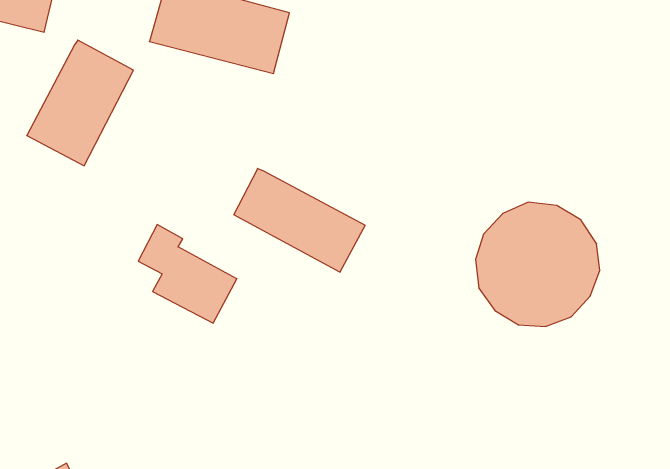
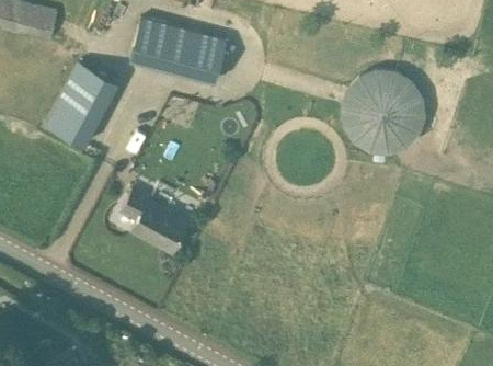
building: [234,168,365,272] -> none
building: [476,202,600,326] -> [341,68,426,153]

